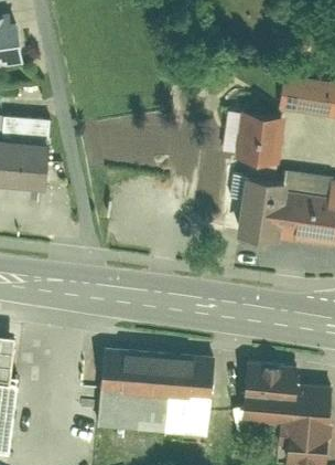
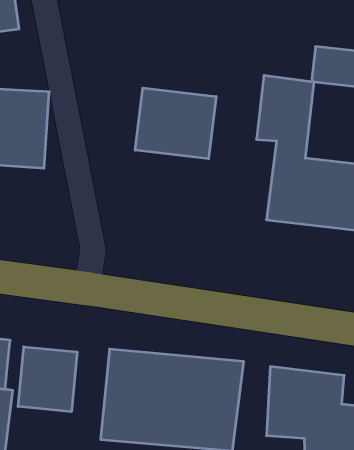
building: none -> [135,88,216,159]
building: none -> [18,347,77,412]

